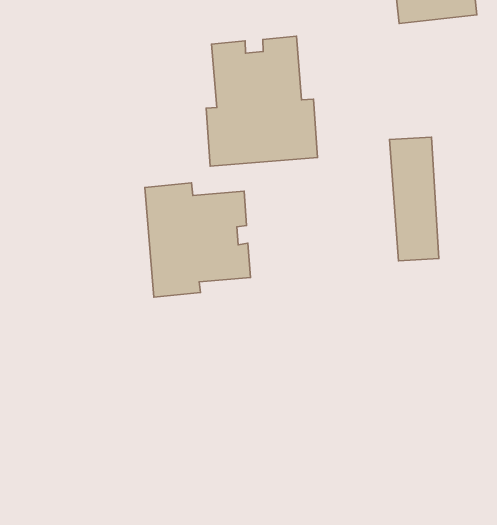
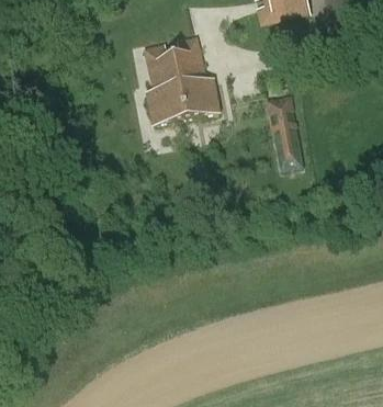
building: [145,183,250,297] -> none

